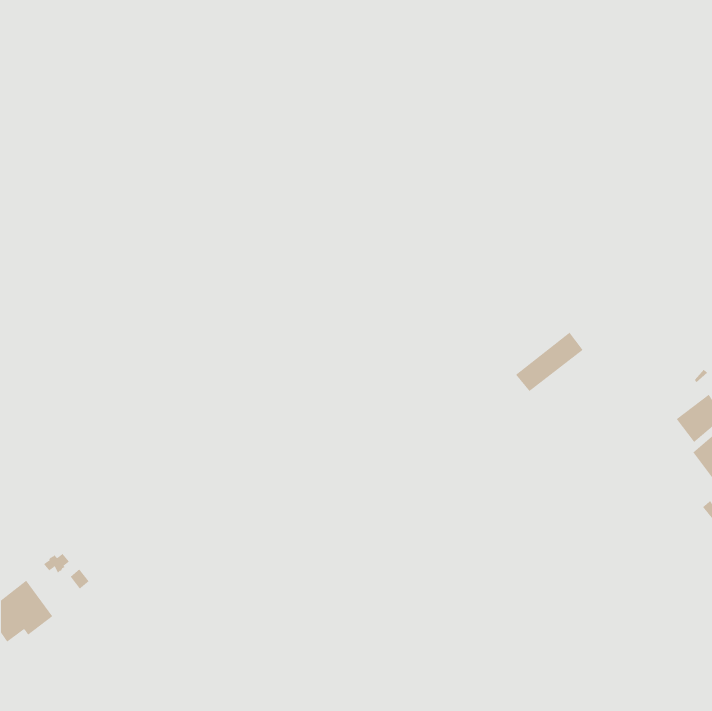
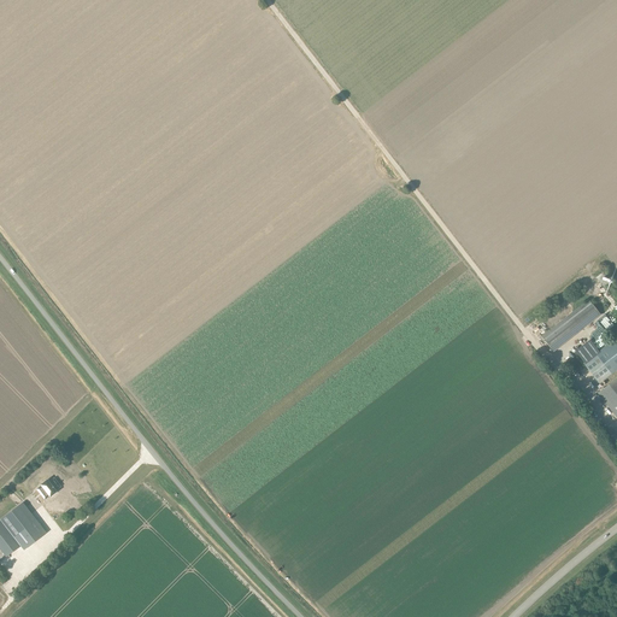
building: [515,332,584,392] -> [542,298,601,349]

